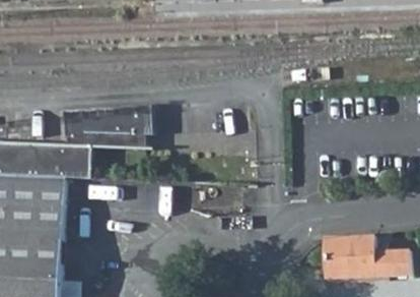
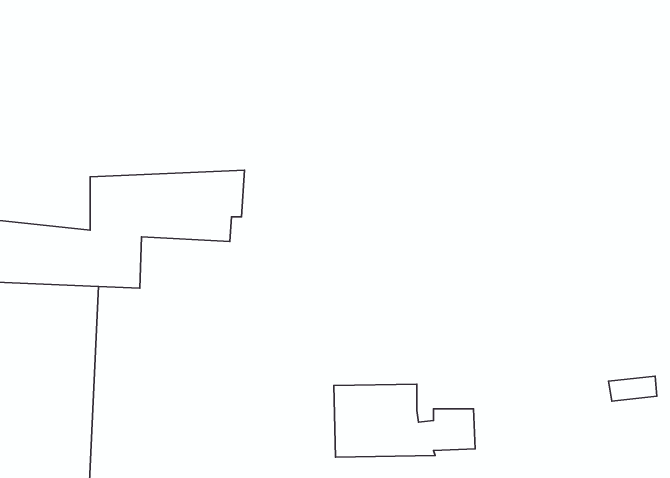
building: [324,236,410,281] -> [334,384,475,457]

